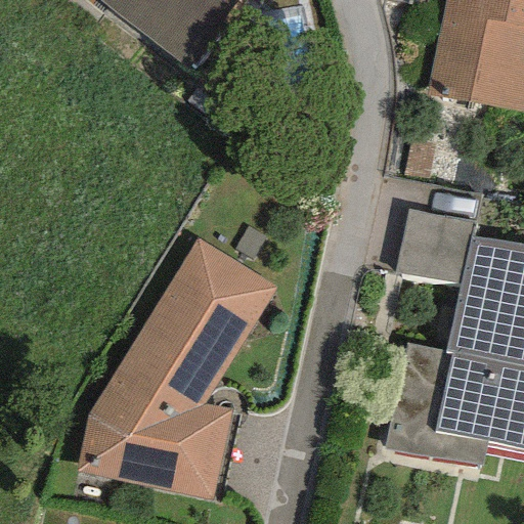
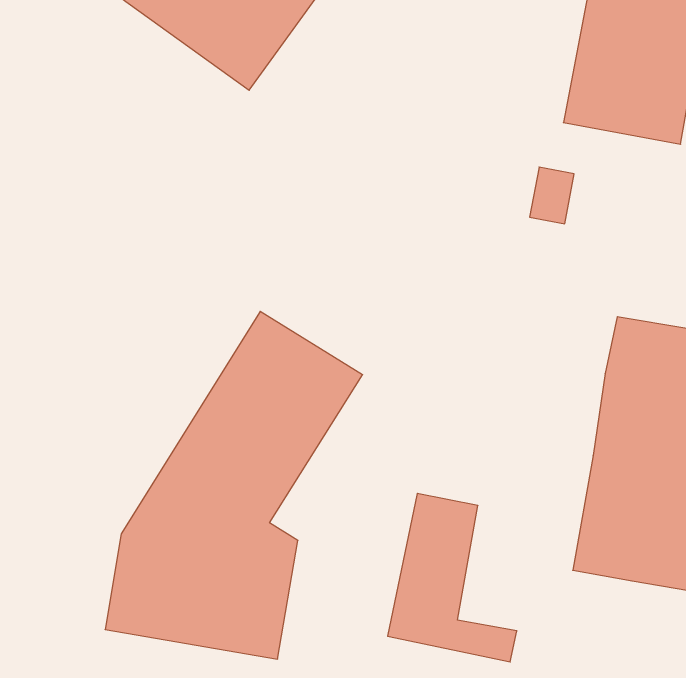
building: [398,207,476,283] -> none
building: [384,337,482,465] -> [388,493,517,662]

